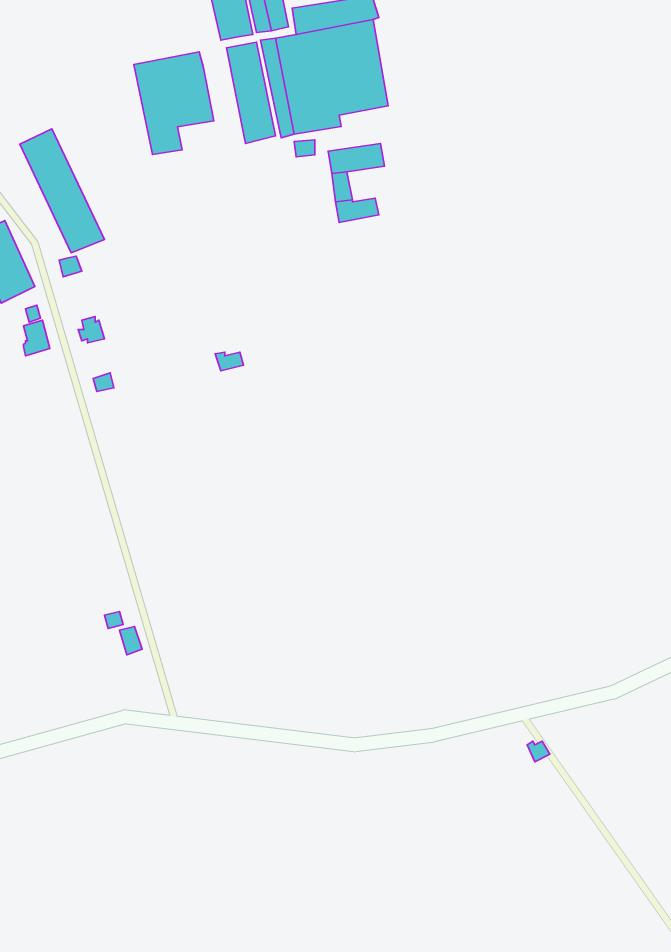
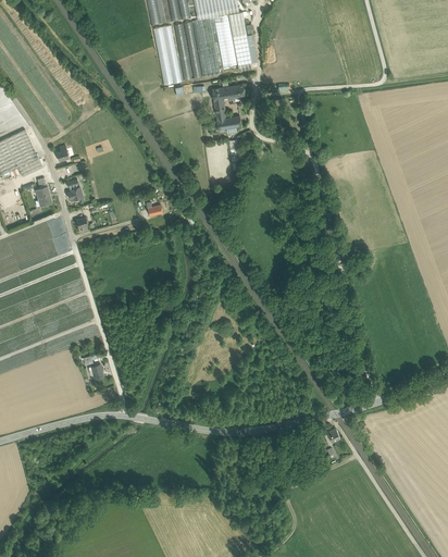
building: [134,52,214,155] -> none
building: [20,129,104,253] -> none

